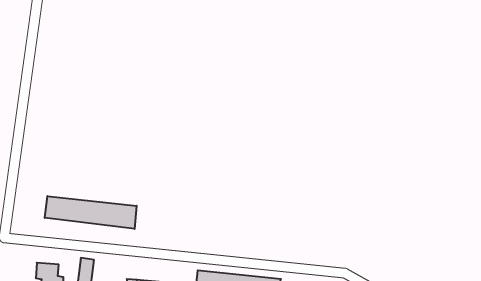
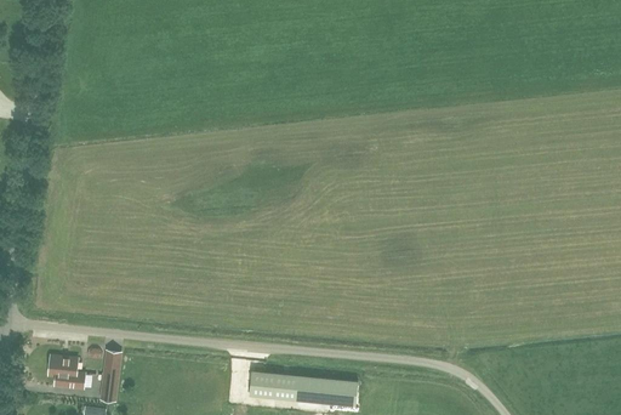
building: [45,196,137,229] -> none

